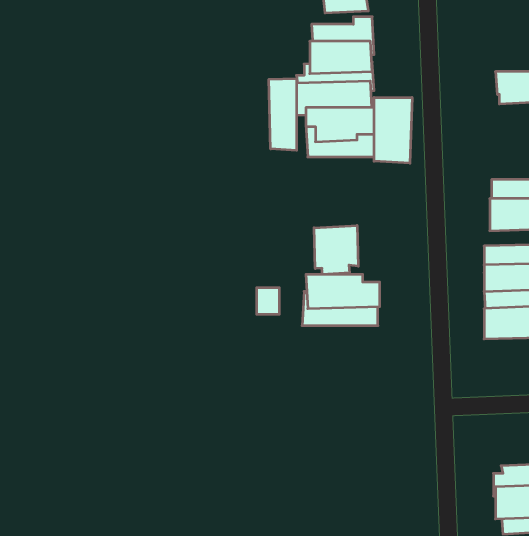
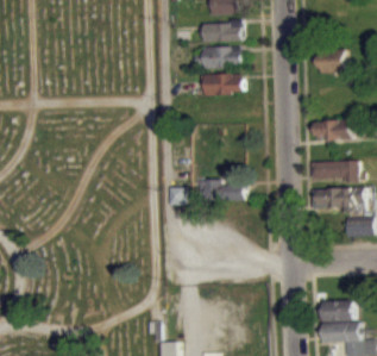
building: [269,79,297,150] -> none
building: [374,97,412,163] -> none
building: [314,225,358,274] -> none

